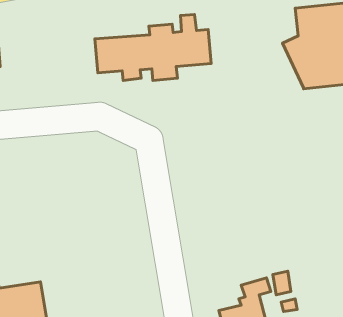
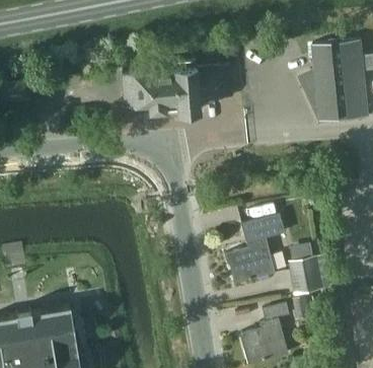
building: none -> [226,213,285,284]
building: none -> [288,256,321,294]

